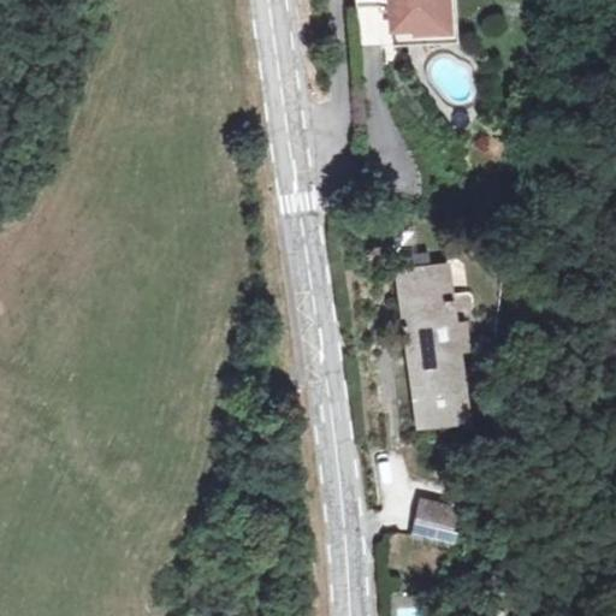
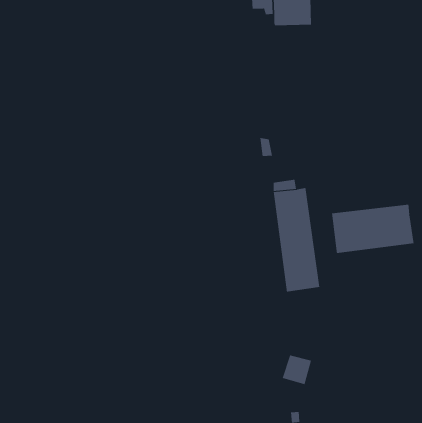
building: none -> [332,204,414,254]

